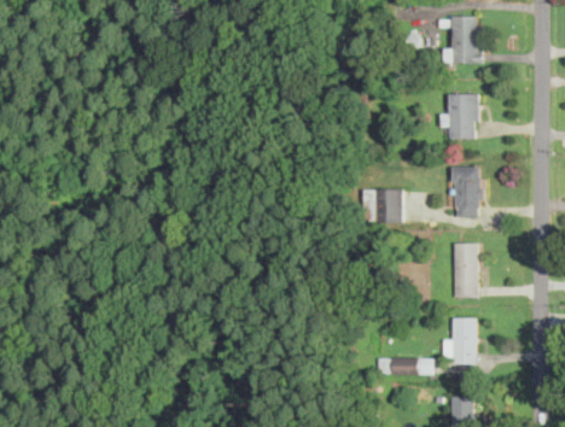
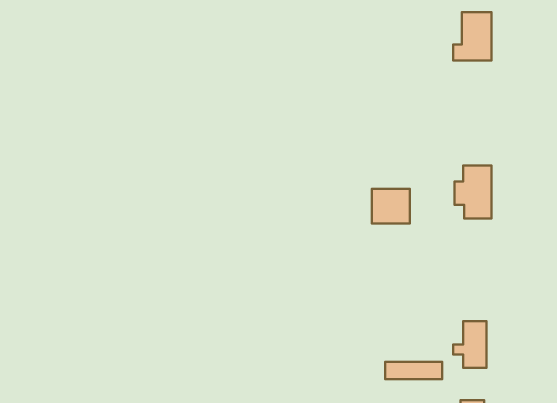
building: [441,94,480,139] -> none
building: [455,242,478,298] -> none

